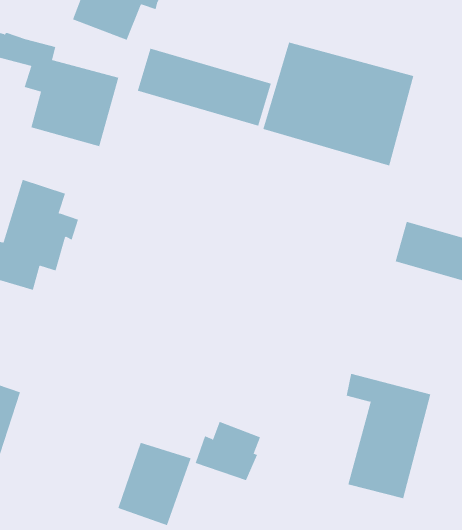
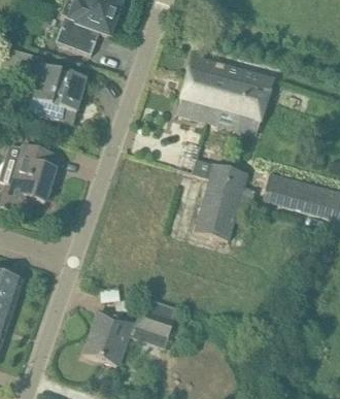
building: [137,48,272,126] -> none
building: [346,373,431,499] -> [193,159,247,239]

